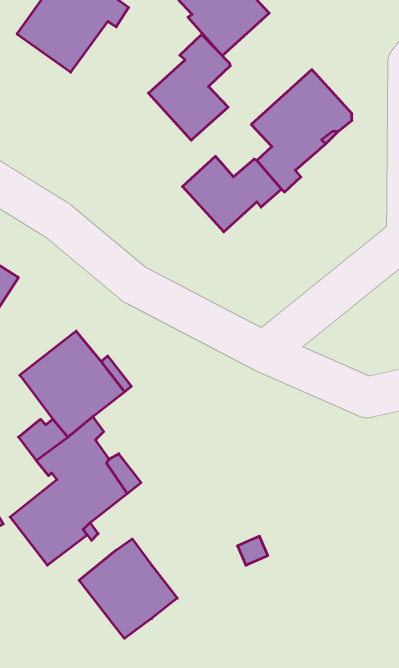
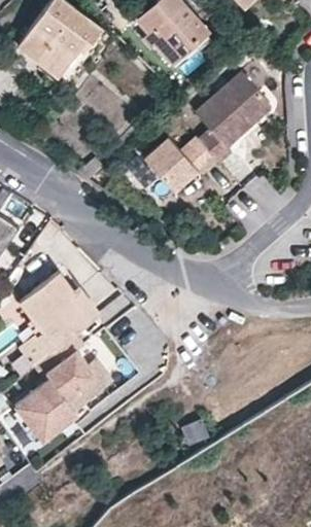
building: [148,34,230,140] -> none
building: [79,539,177,638] -> none

